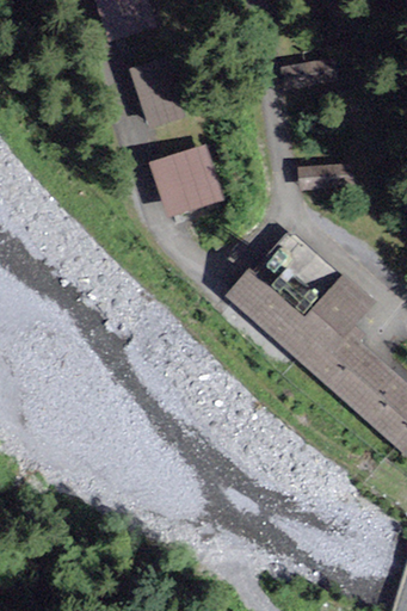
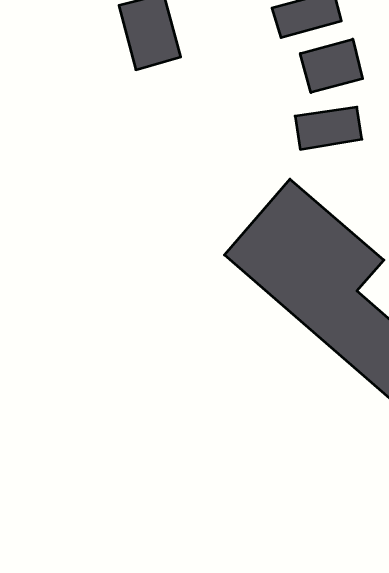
building: none -> [300,39,363,93]
building: [148,144,218,218] -> none

